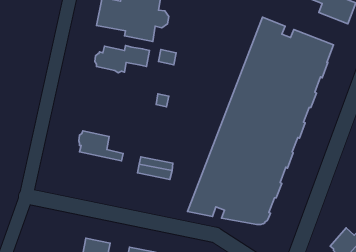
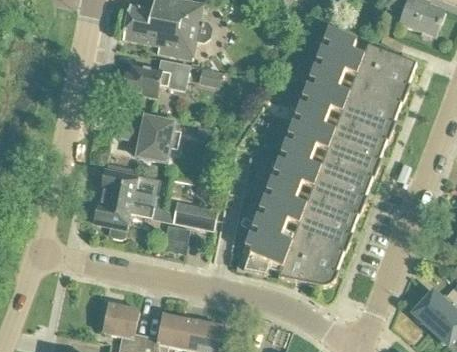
building: none -> [112,116,181,161]
building: none -> [92,194,153,237]
building: none -> [164,224,189,252]

